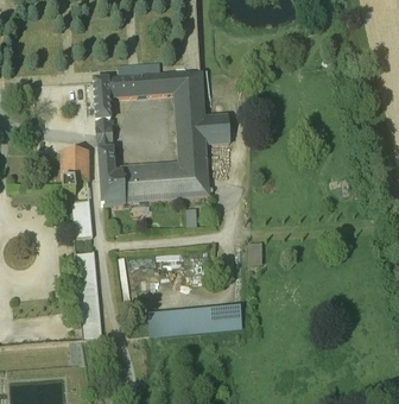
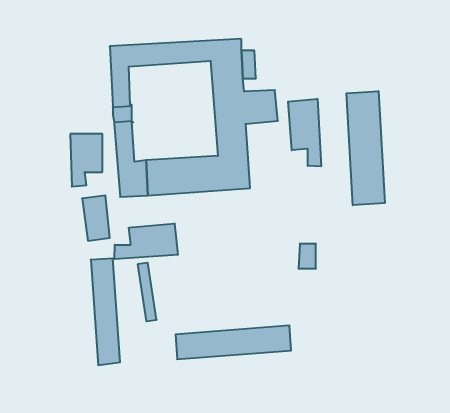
building: none -> [346,91,385,205]
building: none -> [288,99,321,166]
building: none -> [115,223,178,259]

